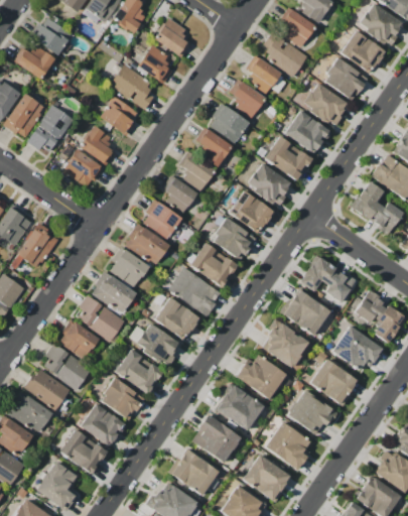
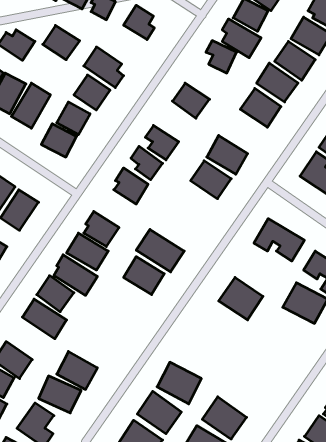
building: [31,17,73,55] -> [43,25,80,60]
building: [137,45,175,83] -> none
building: [229,80,266,118] -> none
building: [196,129,232,167] -> none
building: [264,137,311,181] -> none
building: [212,219,256,261] -> none
building: [125,225,169,266] -> none
building: [189,243,237,287] -> none
building: [282,289,330,336] -> none
building: [135,324,180,367] -> none
building: [115,349,163,395] -> none
building: [237,353,286,400] -> none
building: [309,359,358,405] -> none
building: [24,368,71,410] -> none
building: [99,378,144,420] -> none
building: [216,385,264,431] -> none
building: [286,390,335,436] -> none
building: [265,422,310,471] -> none

